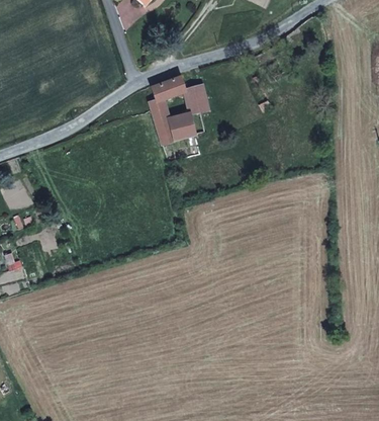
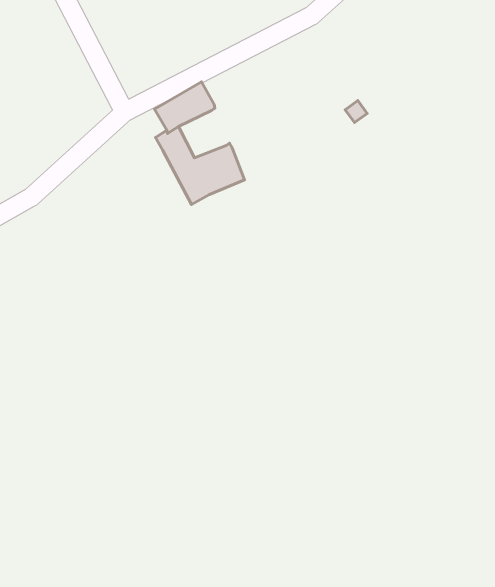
building: [180,84,206,114] -> none

